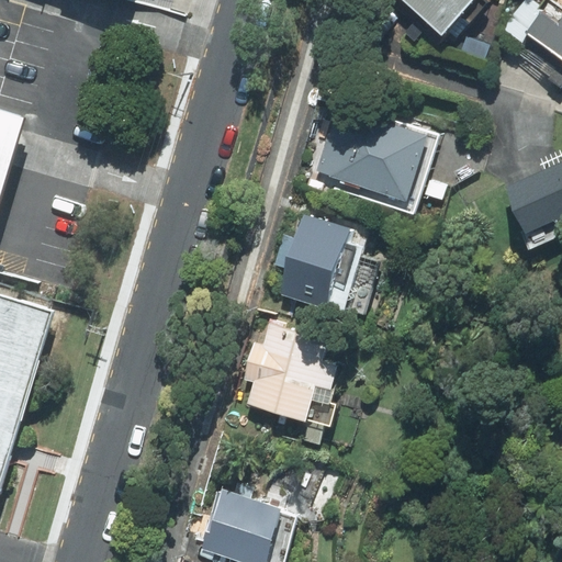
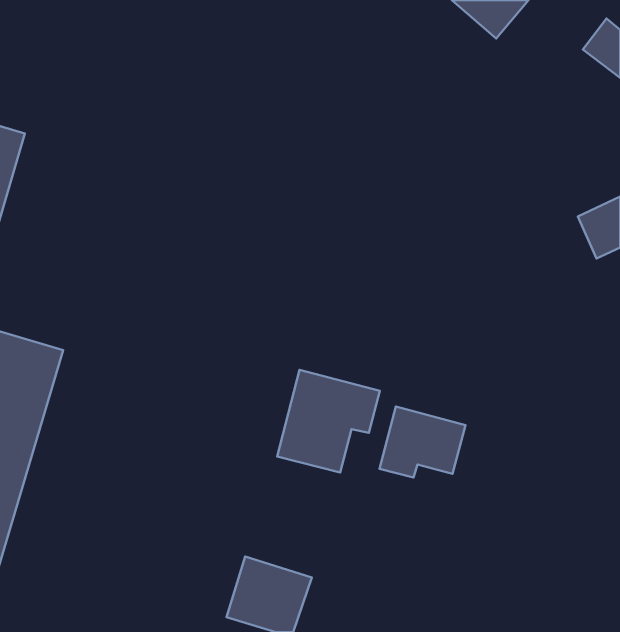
building: [322,114,423,196] -> none
building: [281,224,346,308] -> none
building: none -> [380,407,465,478]

